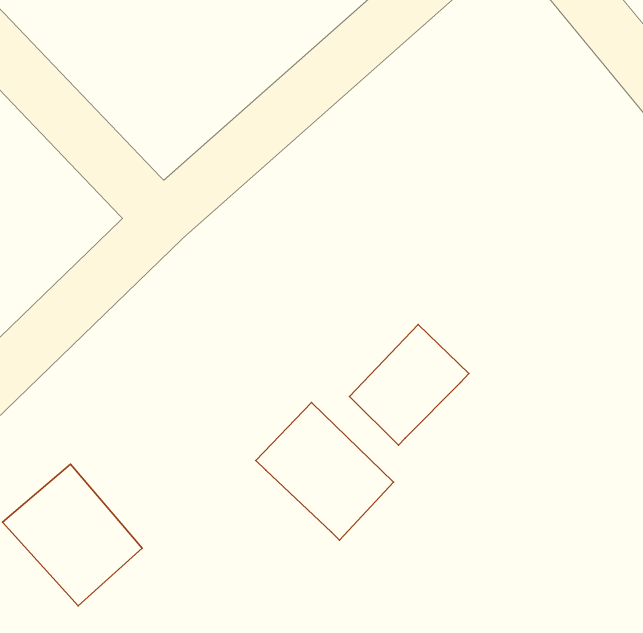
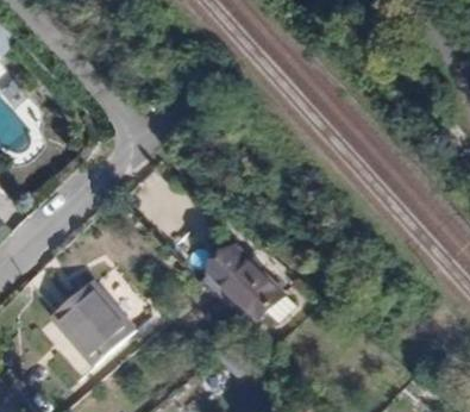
building: [350,325,469,445] -> none

